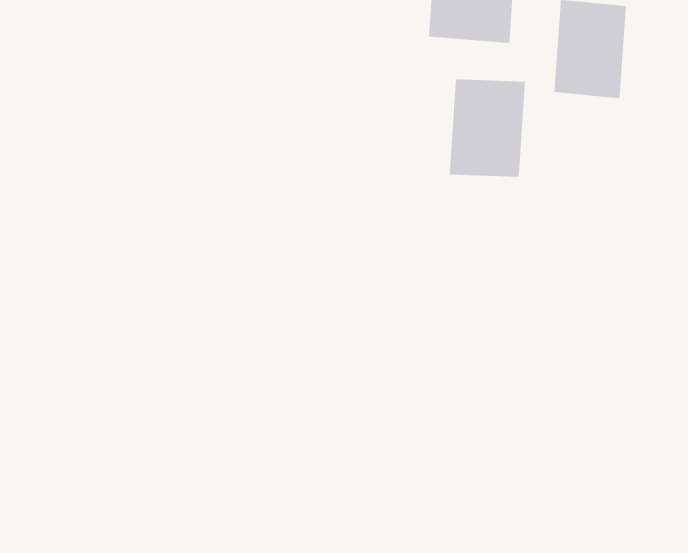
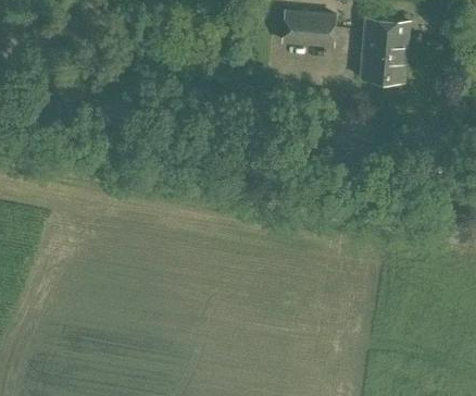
building: [449,78,526,178] -> none

